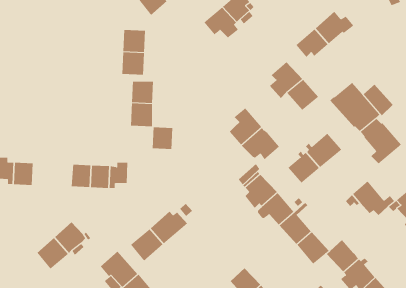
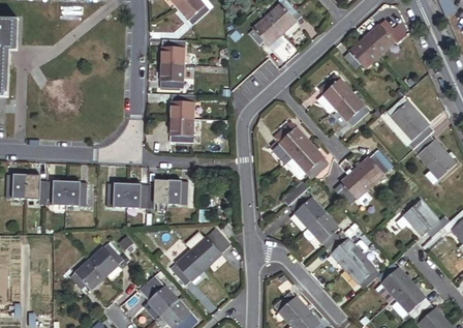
building: [363,84,394,116] -> none
building: [152,127,173,149] -> [166,180,189,204]
building: none -> [66,181,88,206]

